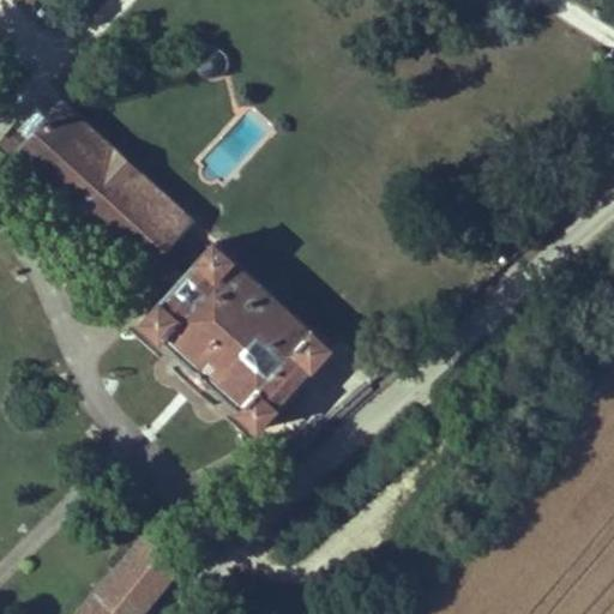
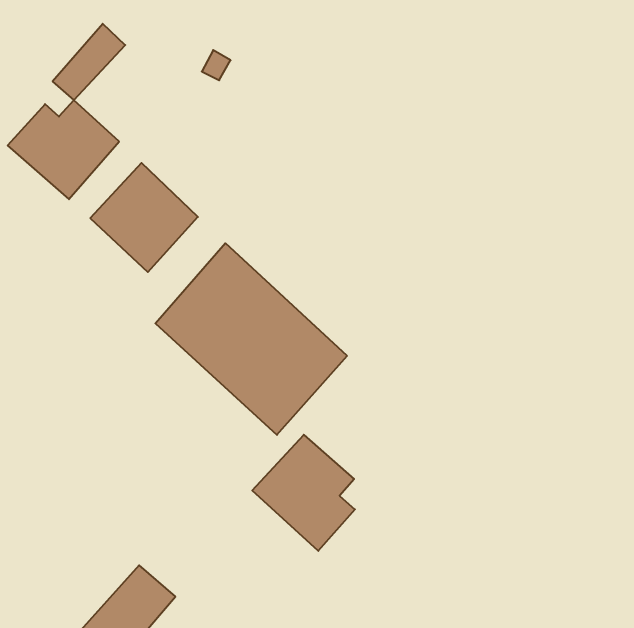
building: [66,148,136,221] -> [53,24,125,100]
building: none -> [252,435,355,551]

